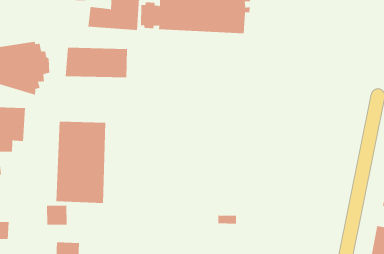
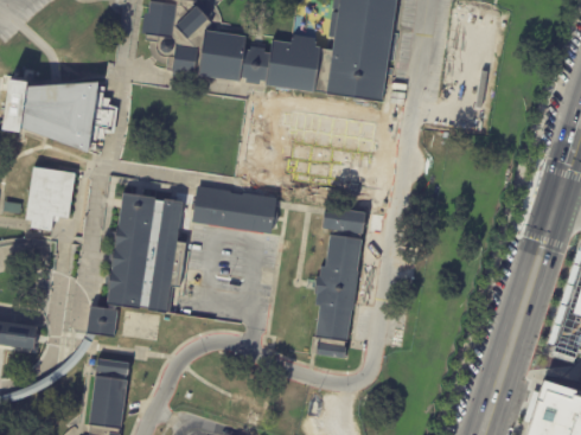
building: [65,47,128,78] -> [191,184,280,234]
building: none -> [325,207,369,235]
building: none -> [314,237,362,344]

